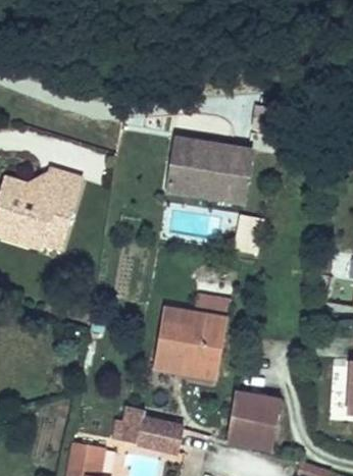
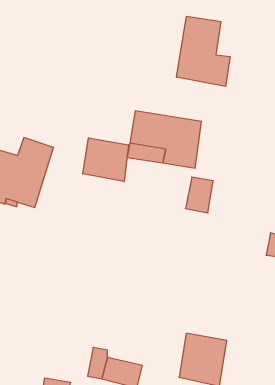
building: none -> [177,16,230,86]
building: none -> [83,138,129,182]
building: [154,295,230,379] -> none

